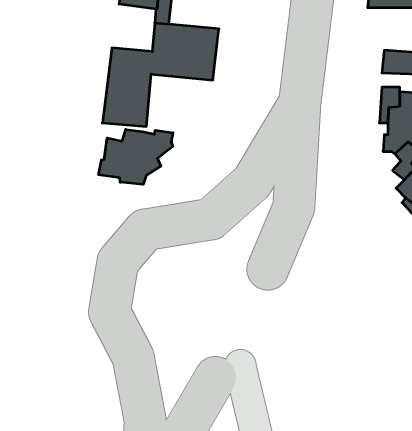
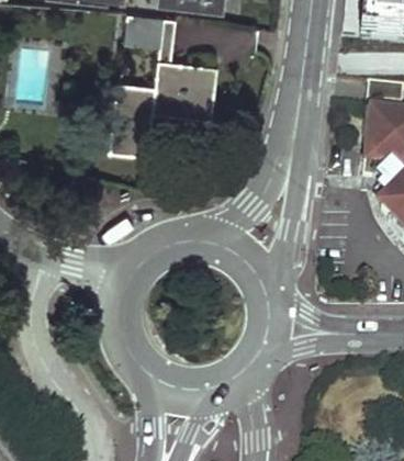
building: [99,129,173,184] -> none

